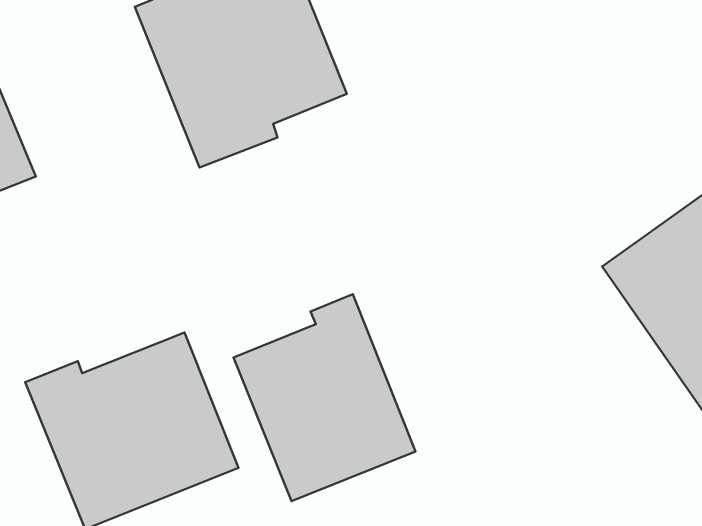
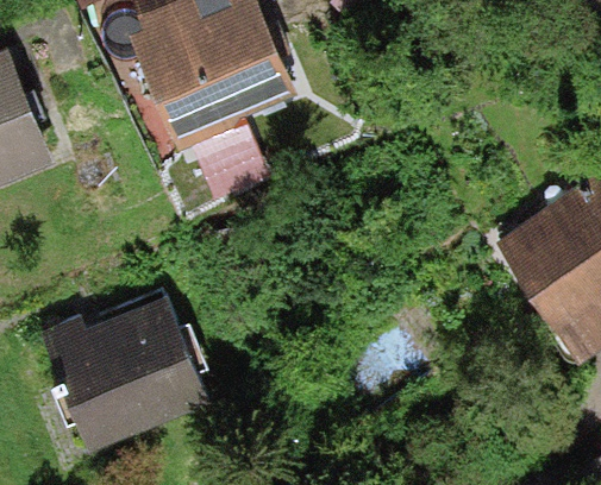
building: [234,294,415,501] -> none

